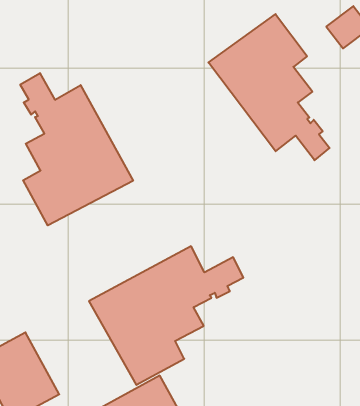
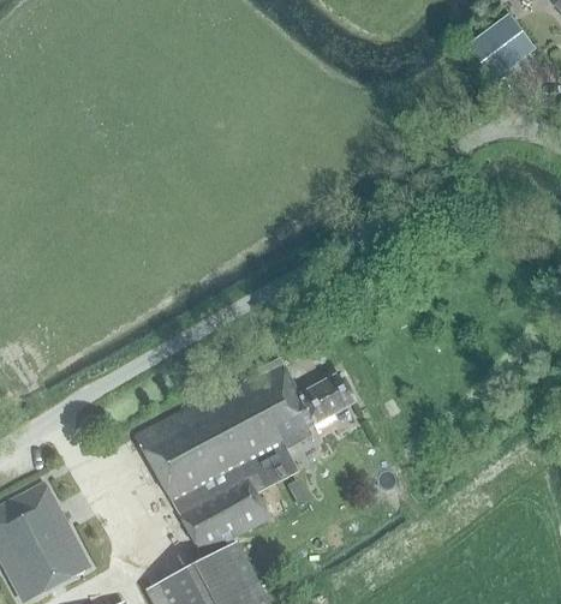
building: [208,14,330,160] -> none
building: [20,73,133,225] -> none

